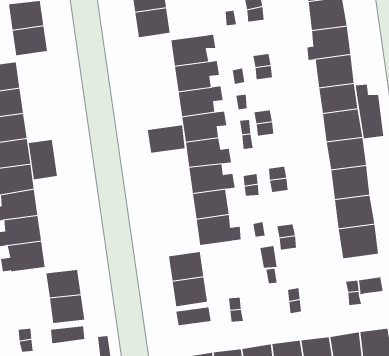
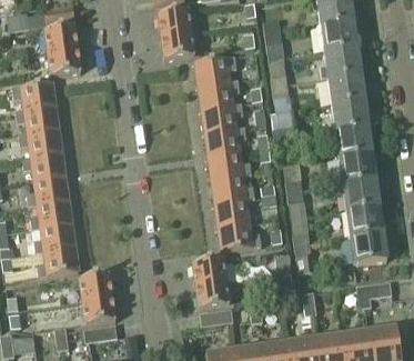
building: [355,84,384,139] -> none
building: [147,125,185,154] -> none
building: [28,139,57,180] -> none

